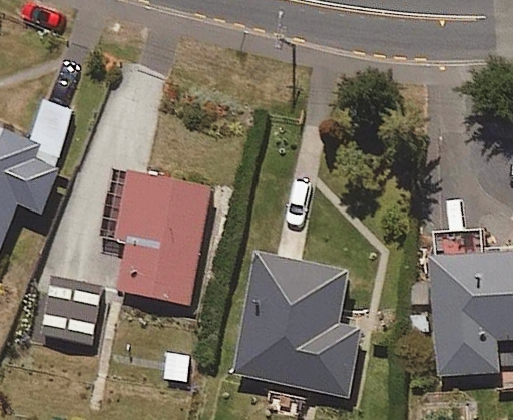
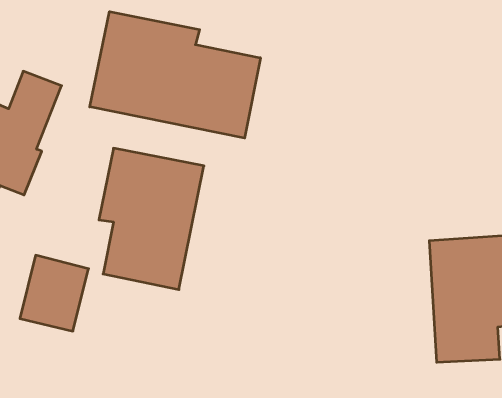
building: none -> [90,12,260,138]
building: [230,251,364,400] -> none

